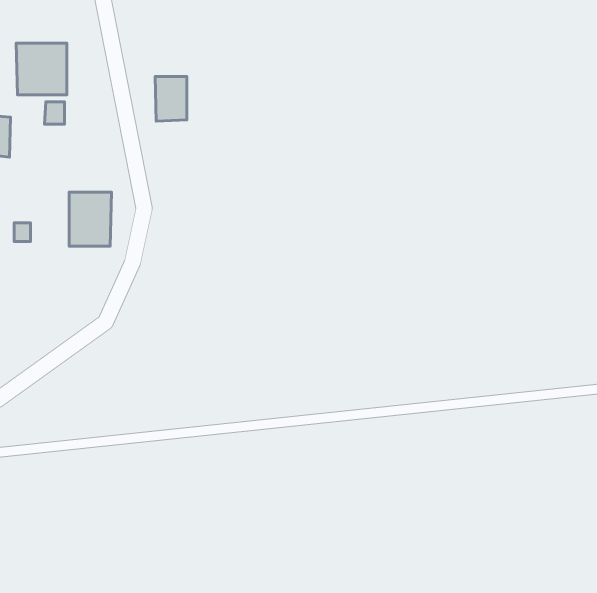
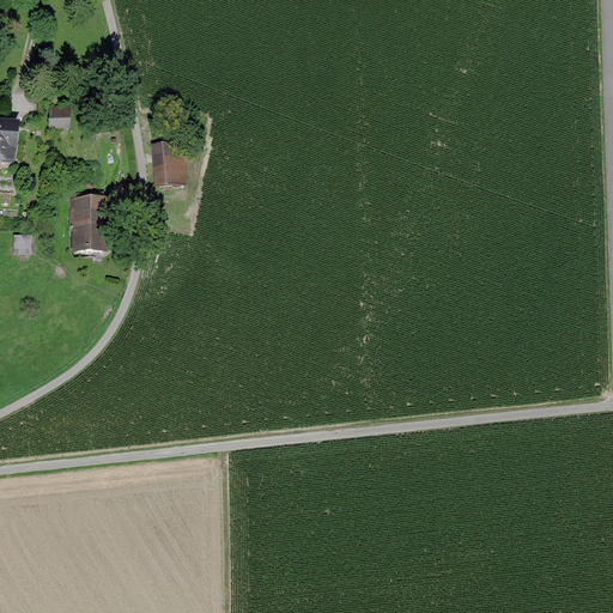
building: [16,43,67,95] -> none
building: [155,77,187,121] -> [151,140,183,186]

